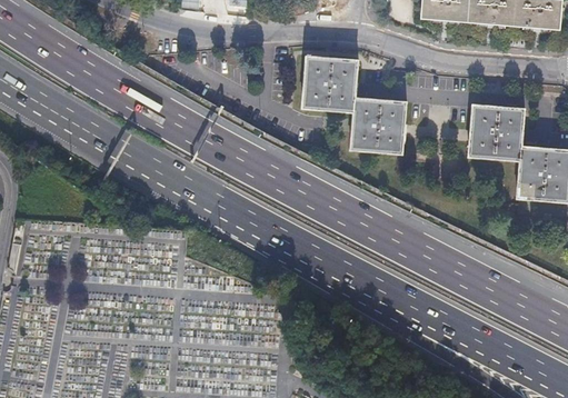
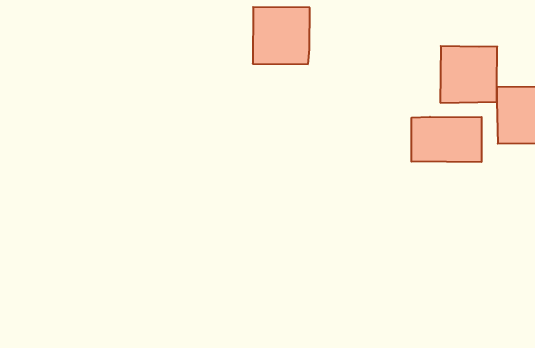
building: [351,98,407,152] -> none
building: none -> [411,117,482,162]

